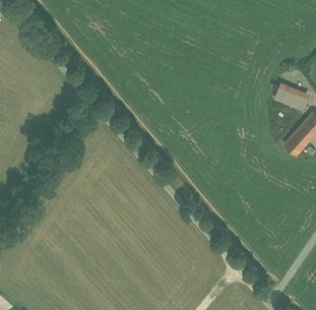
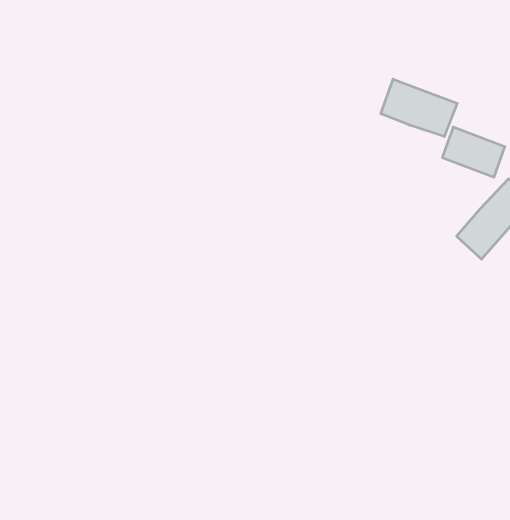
building: none -> [381,79,457,137]

